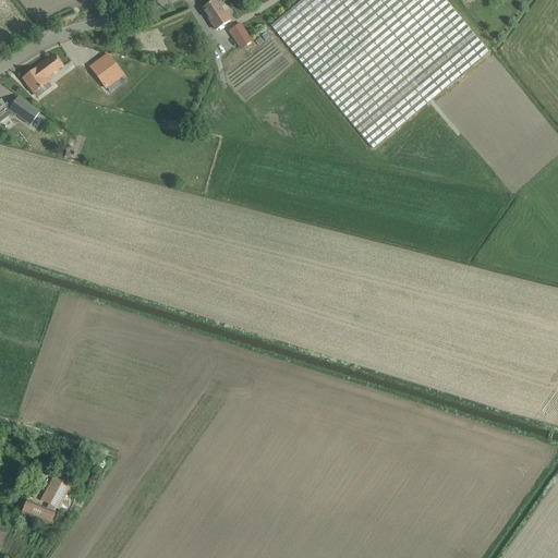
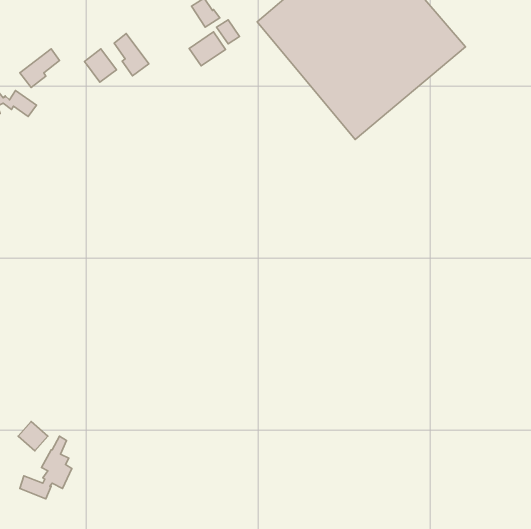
building: none -> [189,32,225,66]
building: none -> [114,34,149,76]
building: none -> [18,421,48,451]

